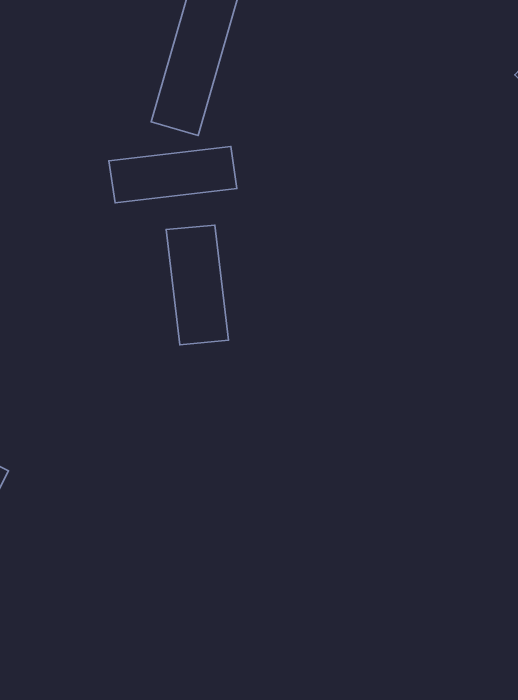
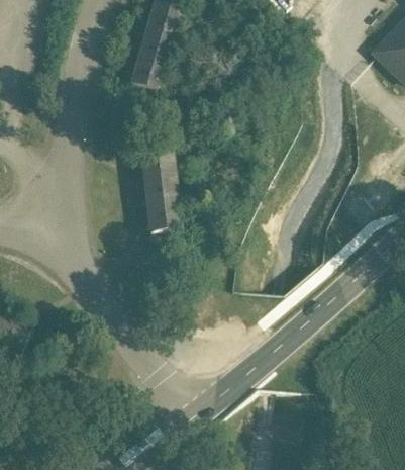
building: [109,146,237,203] -> none

